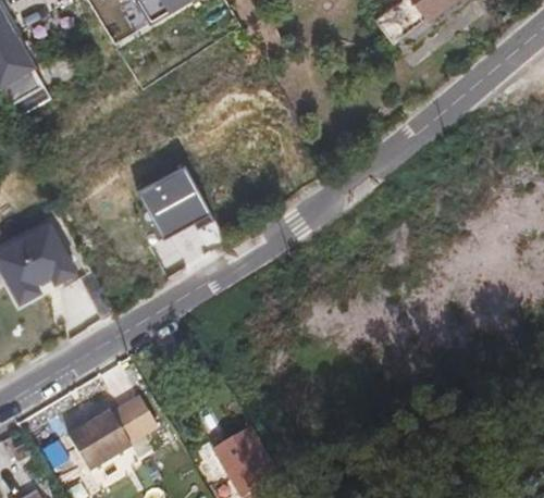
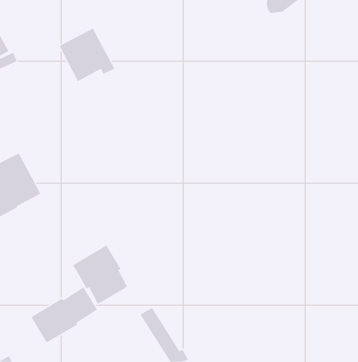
building: [138,166,213,238] -> [59,28,115,82]
building: none -> [73,245,128,305]

